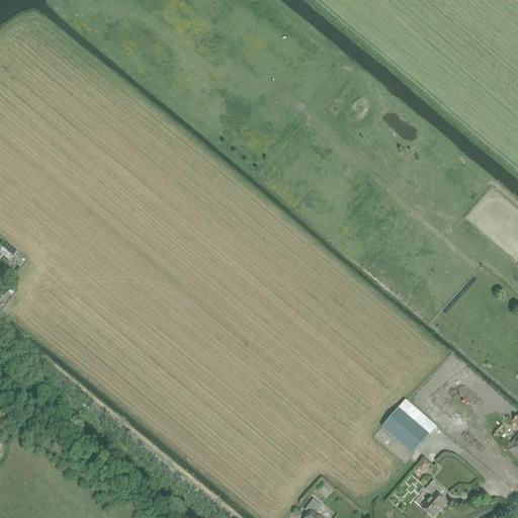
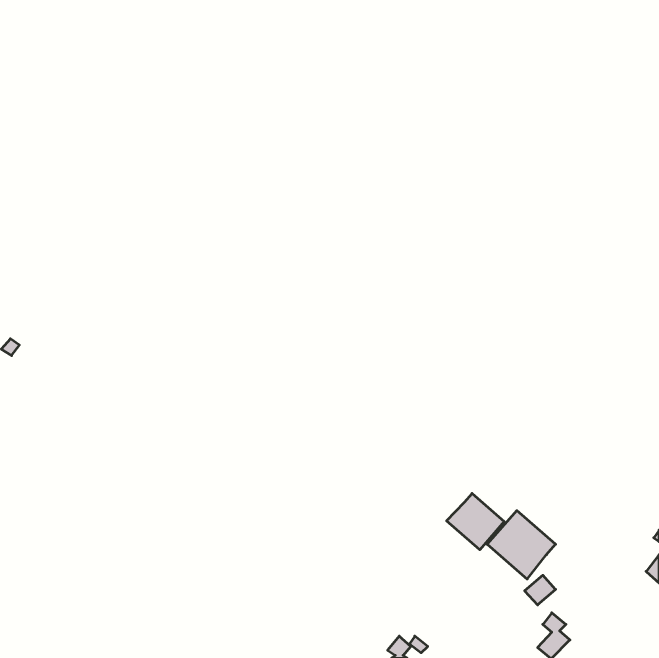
building: none -> [447,493,504,550]

